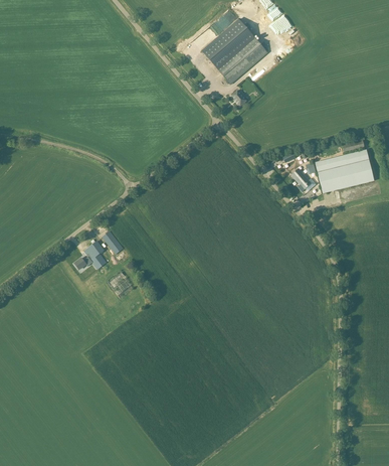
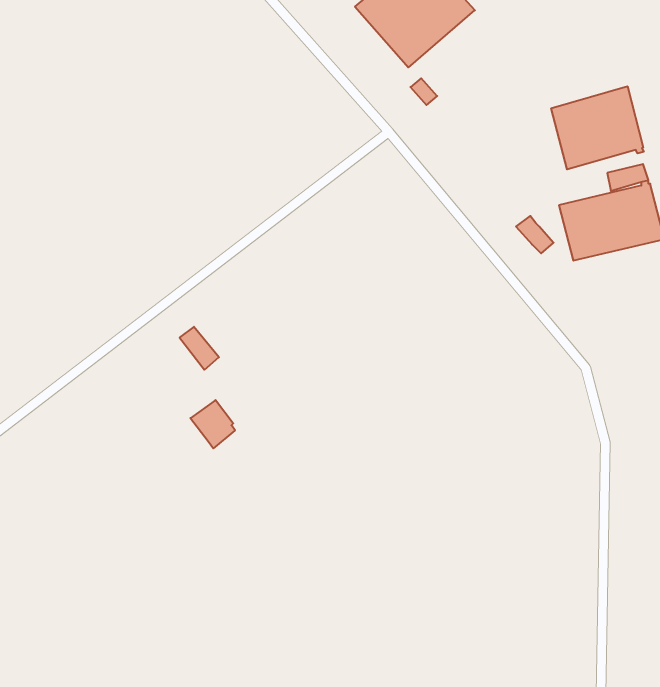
building: none -> [551,86,644,169]
building: [74,240,107,269] -> none

